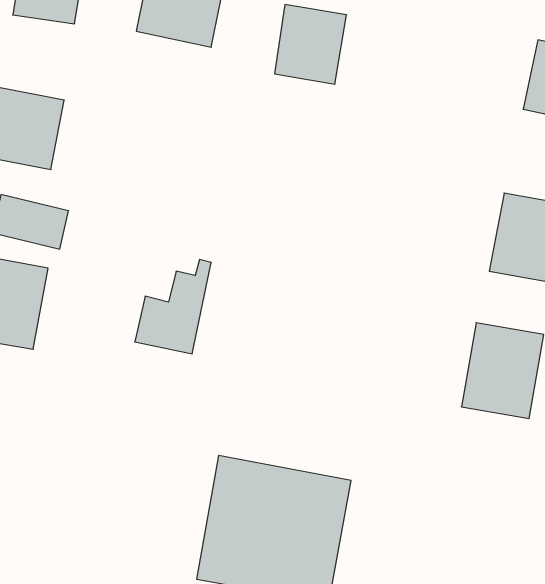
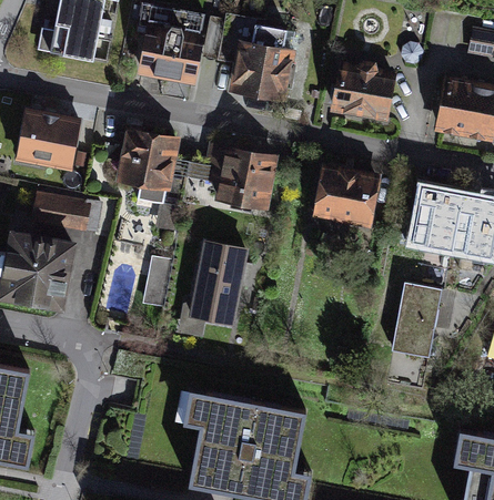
building: none -> [326,59,395,118]
building: none -> [122,134,179,196]
building: none -> [214,149,276,210]
building: none -> [311,169,379,224]
building: none -> [189,236,244,318]

